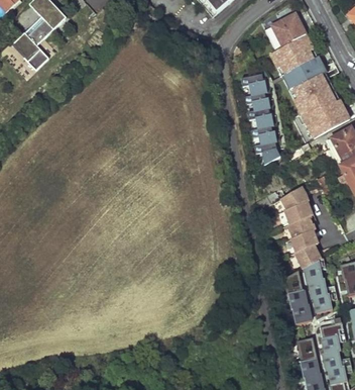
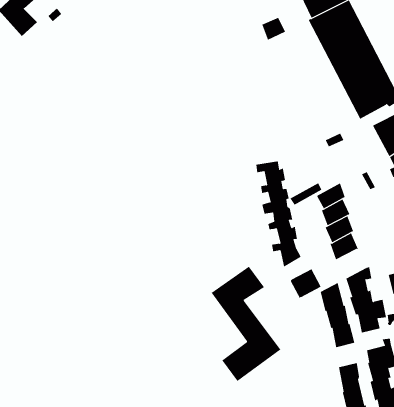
building: [242,75,280,164] -> [255,161,302,268]
building: [294,242,321,268] -> [290,269,321,299]
building: none -> [211,266,281,382]

